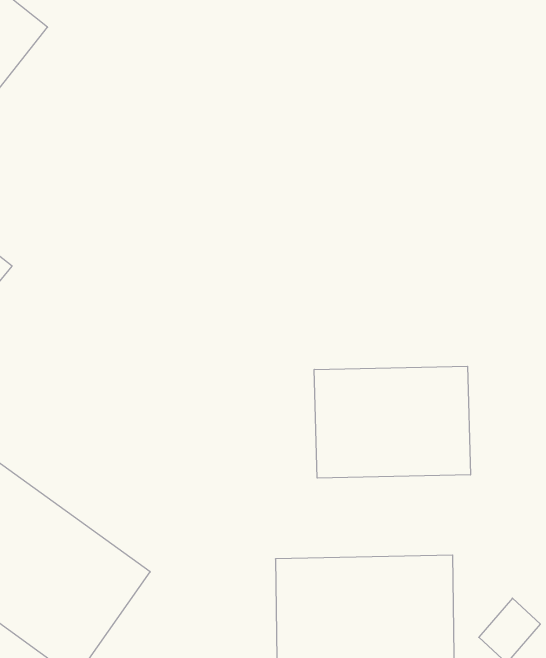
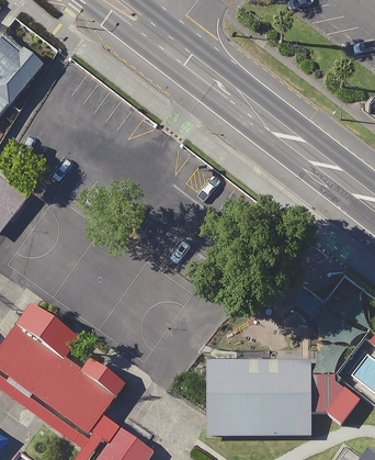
building: [314,366,470,478] -> none

